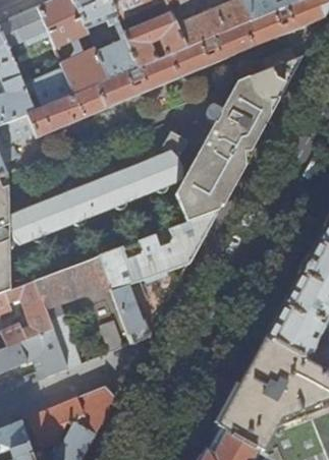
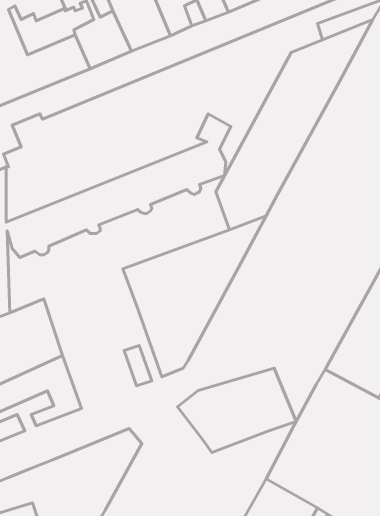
building: [37,255,112,368] -> none
building: none -> [178,368,296,453]

